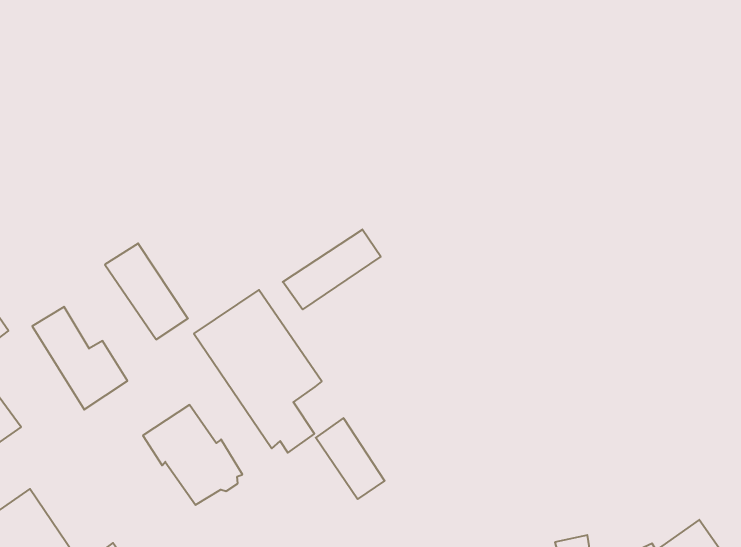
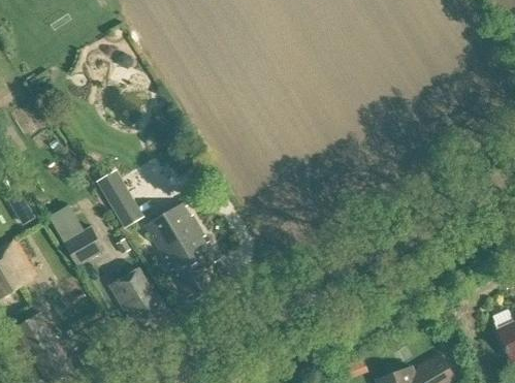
building: [283,229,381,309] -> none
building: [316,418,385,499] -> none

